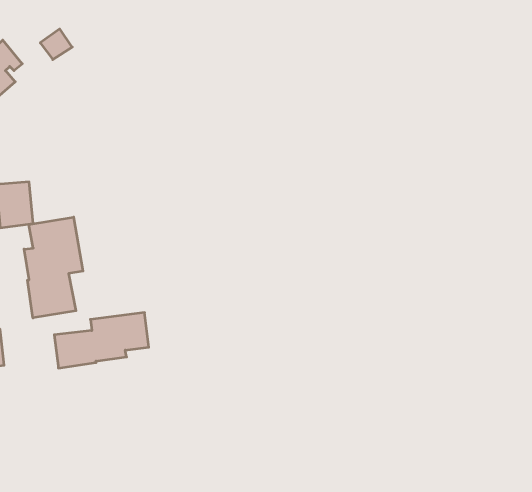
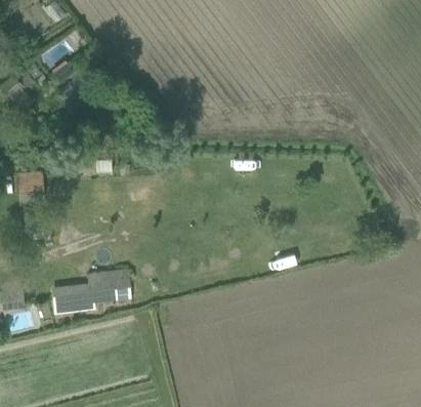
building: [24,217,83,318] -> none

